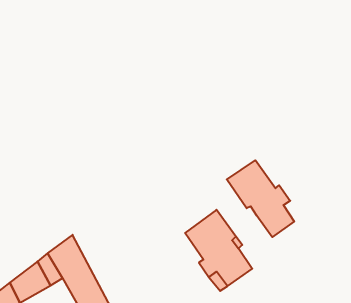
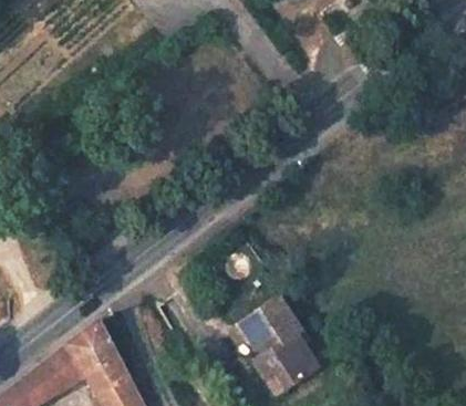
building: [227,160,294,237] -> none

